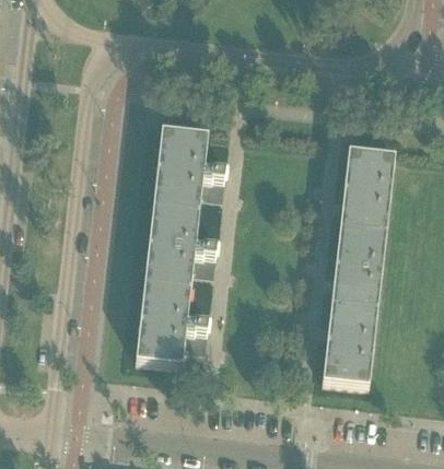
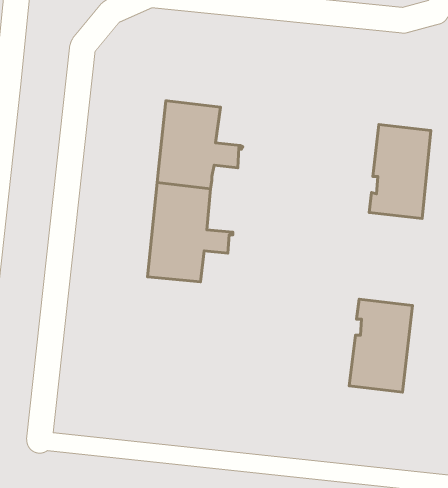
building: [331,225,387,307] -> none
building: [136,282,211,363] -> none

